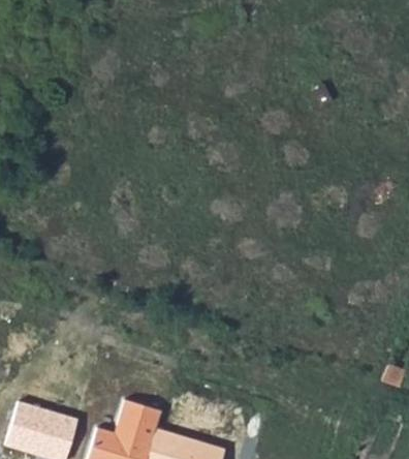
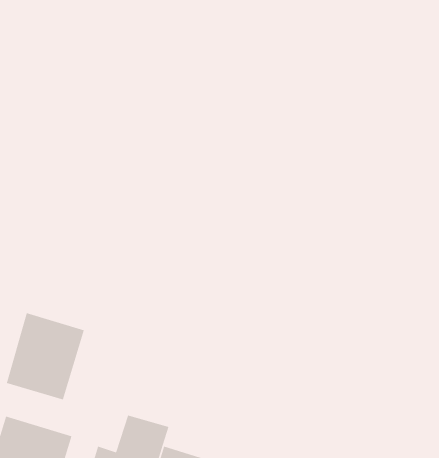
building: none -> [6,312,85,401]

